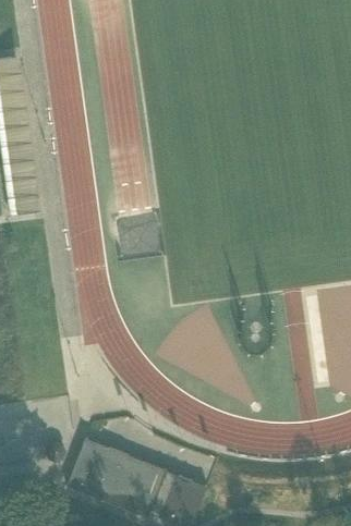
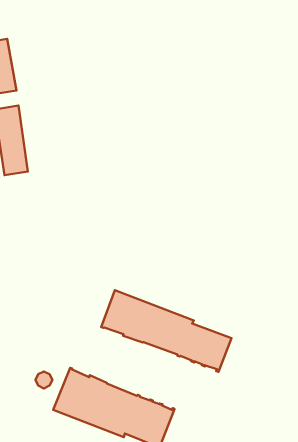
building: none -> [101,290,231,372]

